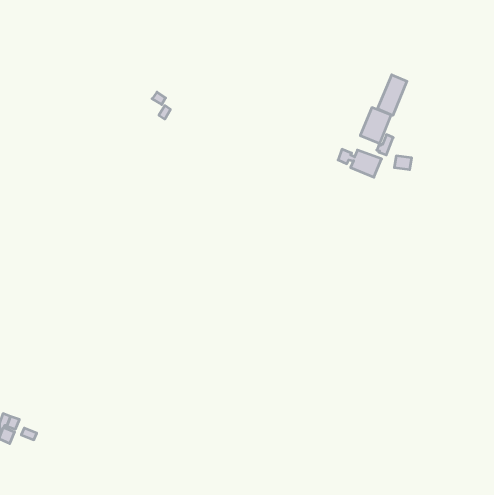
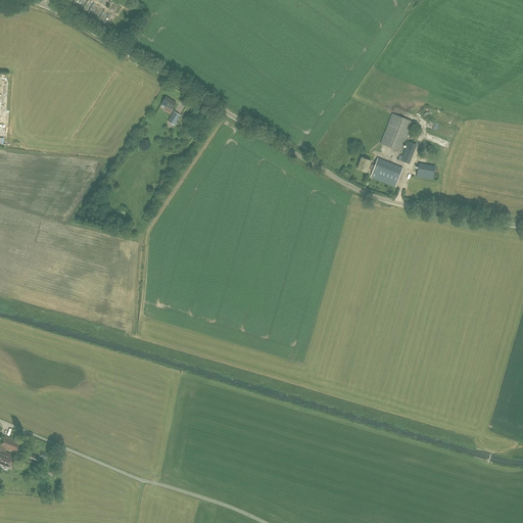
building: [378,75,407,115] -> none

